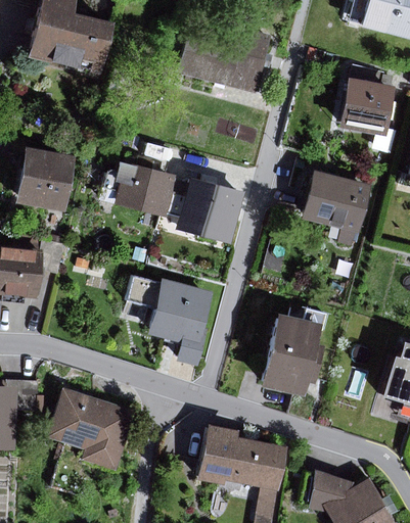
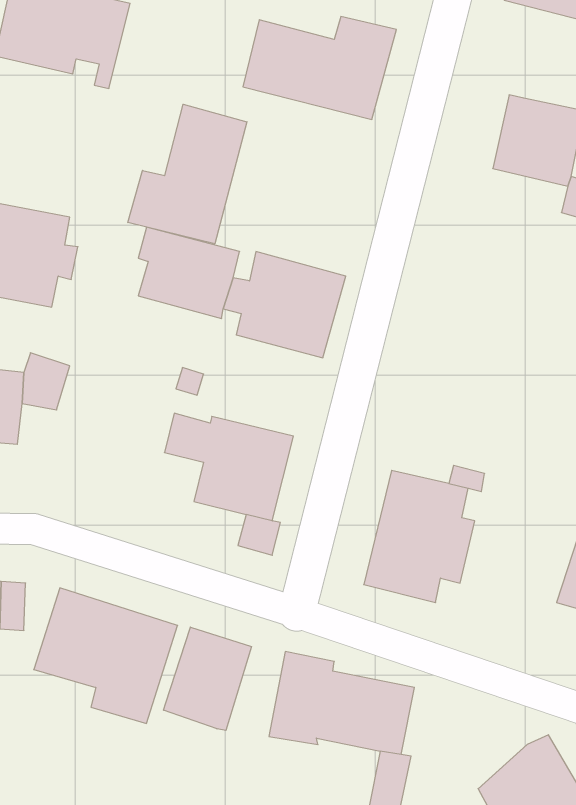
building: none -> [128,104,247,244]
building: [300,171,374,235] -> none
building: none -> [164,627,252,730]
building: [309,470,358,512] -> none

